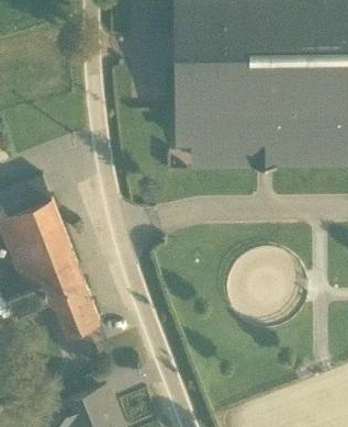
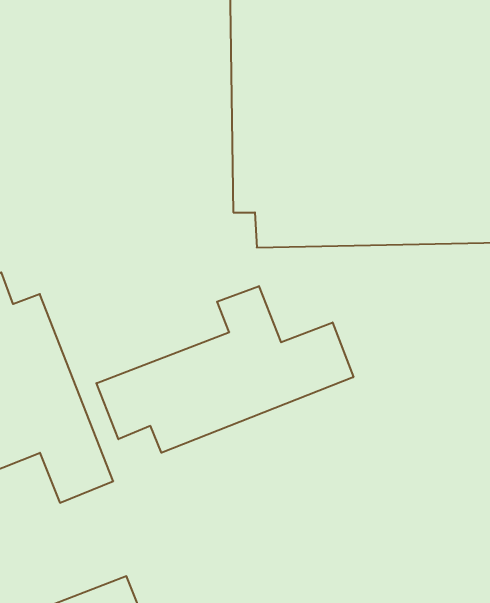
building: none -> [96,286,353,453]

